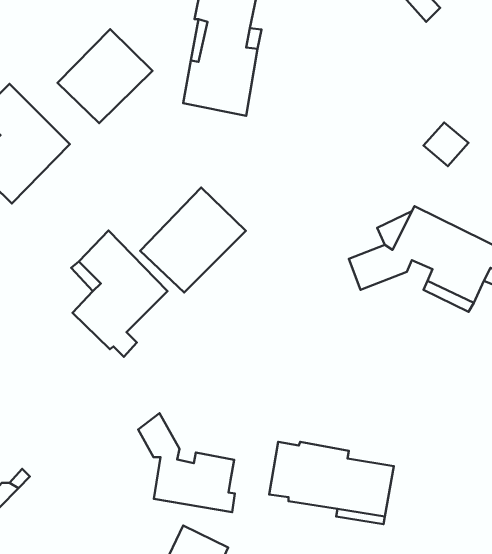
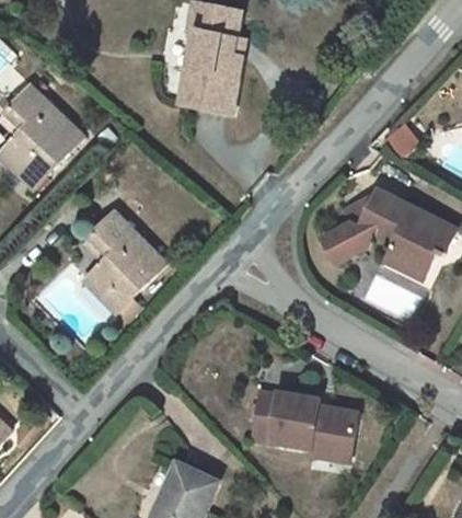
building: [58,29,153,123] -> none
building: [140,187,246,293] -> none
building: [138,413,235,512] -> none

